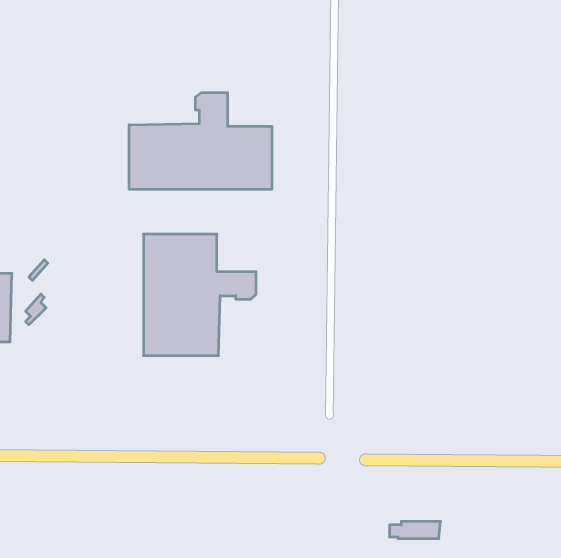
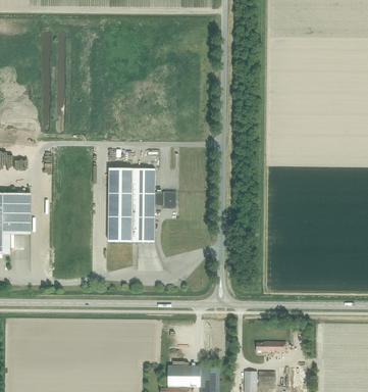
building: [129,93,272,189] -> none

